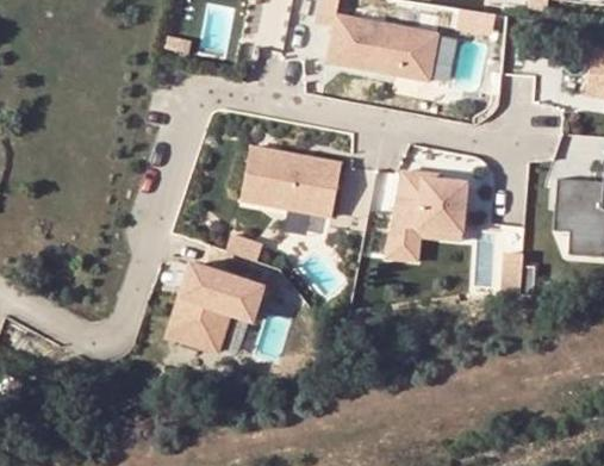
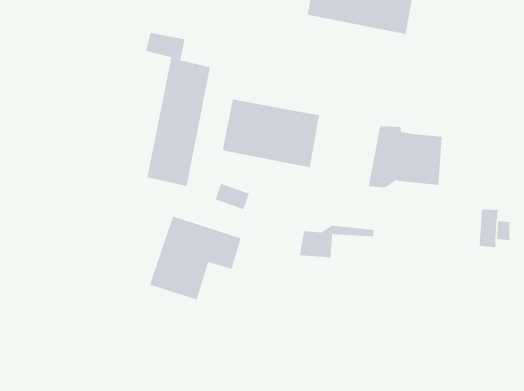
building: none -> [145,32,210,187]
building: [386,229,463,262] -> [299,225,375,258]

